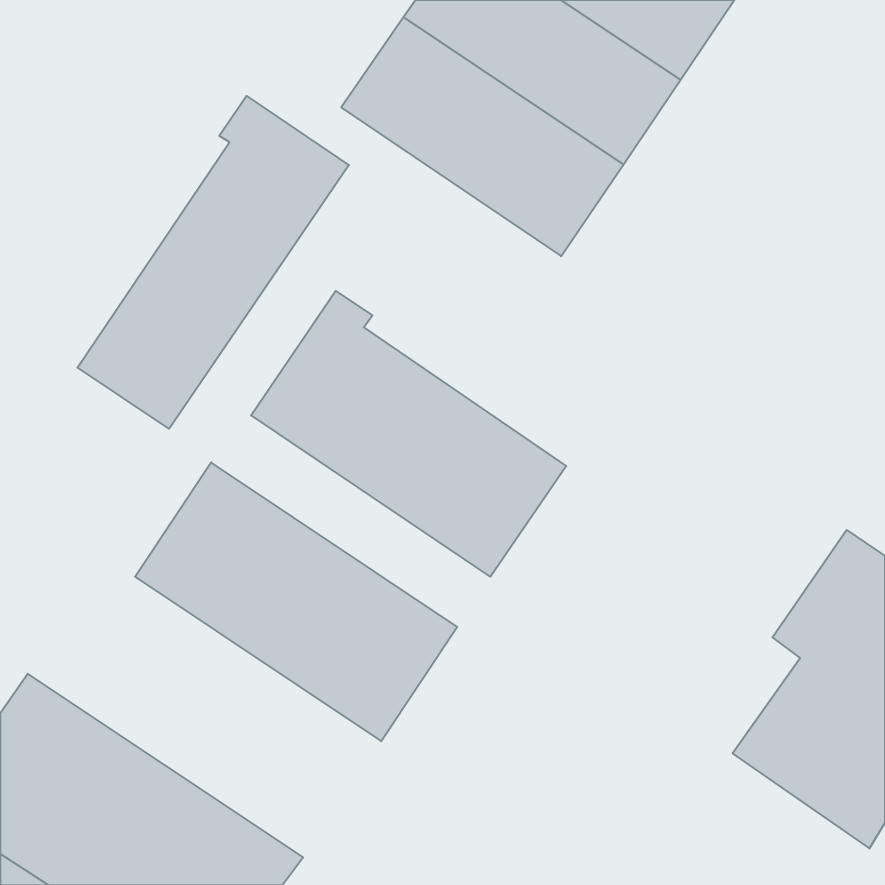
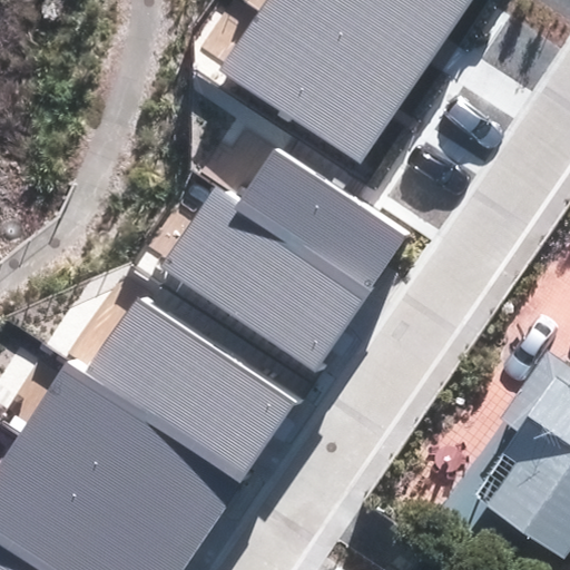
building: [77,96,349,429] -> none
building: none -> [234,149,406,299]
building: none -> [18,358,245,551]

